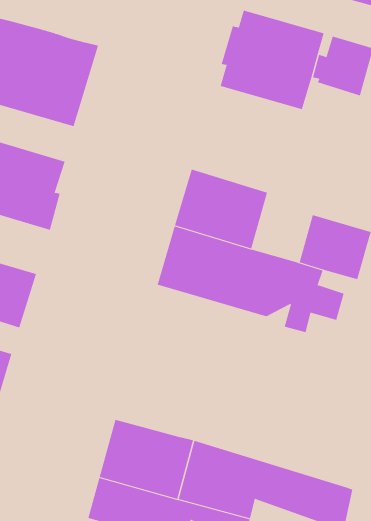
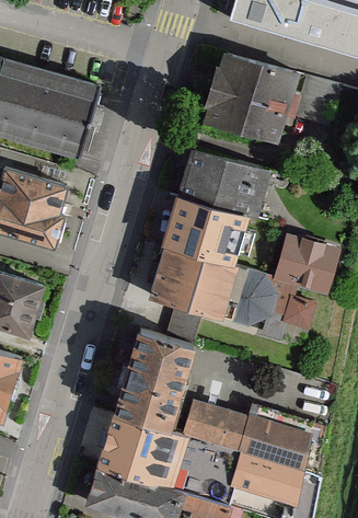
building: none -> [178,149,267,217]
building: none -> [111,312,199,431]
building: none -> [181,401,326,476]

